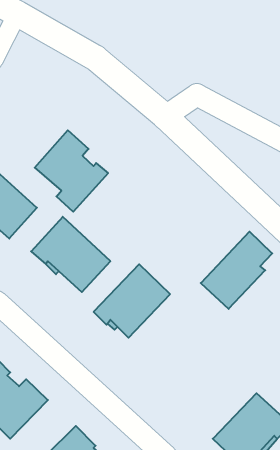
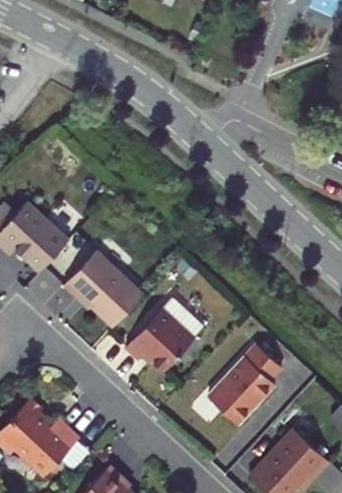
building: [35,130,108,212] -> none
building: [201,232,272,309] -> [206,346,279,425]

